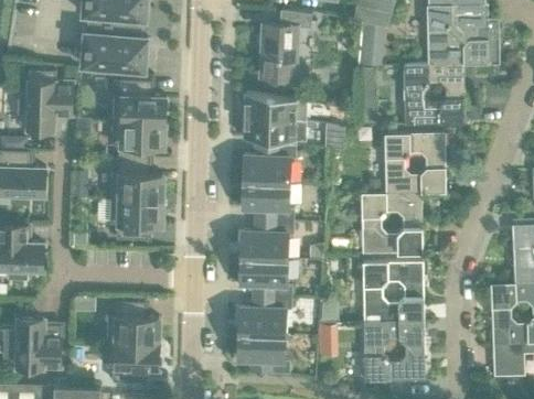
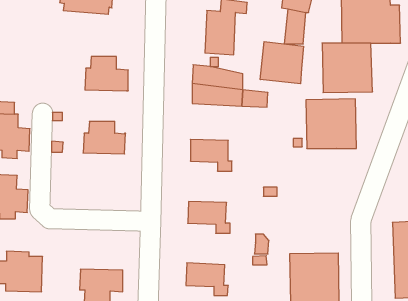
building: [83,25,148,72] -> none
building: none -> [260,42,303,84]
building: [19,72,73,131] -> none
building: [113,122,164,161] -> none
building: [243,145,296,184] -> none
building: [361,194,423,255] -> none
building: [110,199,162,240] -> none
building: [241,222,293,260] -> none
building: [362,262,424,323] -> none
building: [238,298,291,336] -> none
building: [108,303,160,343] -> none

